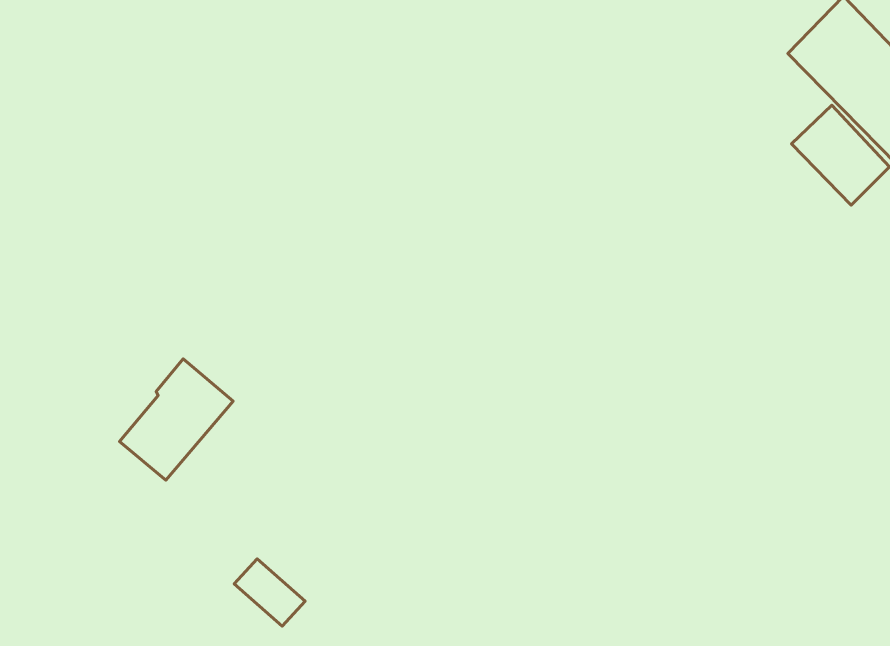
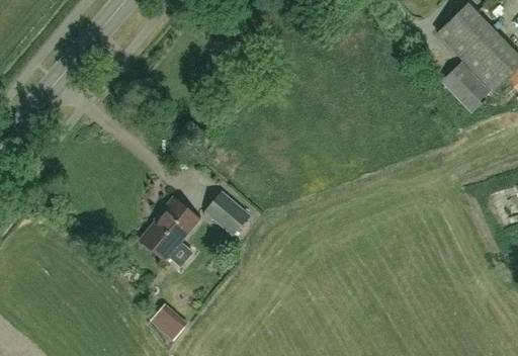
building: none -> [205,191,249,234]
building: [120,359,233,480] -> [140,196,199,260]

